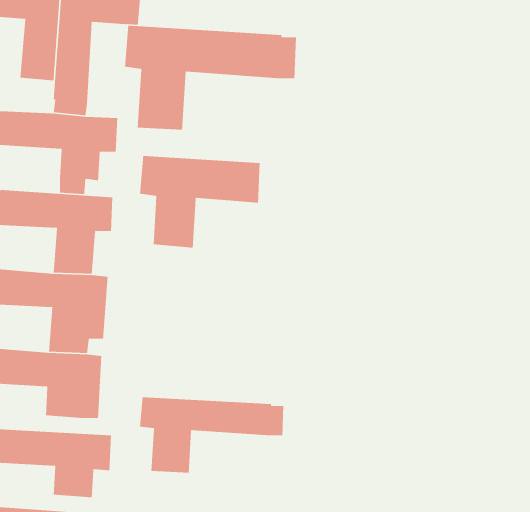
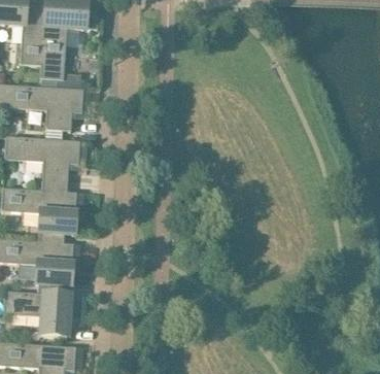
building: [124,25,297,131] -> none
building: [139,155,261,249] -> none
building: [139,396,284,473] -> none

